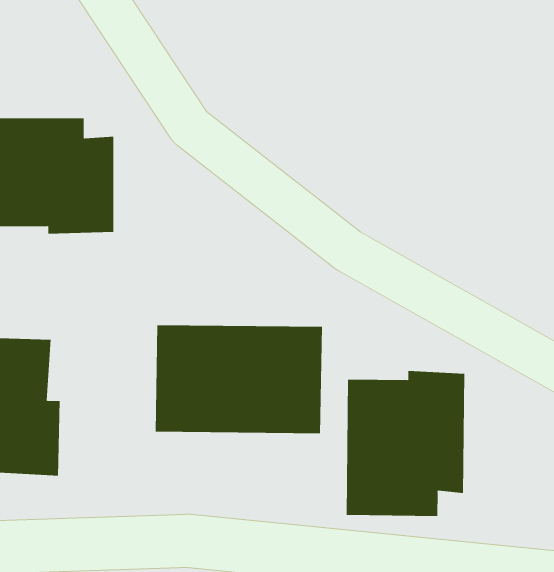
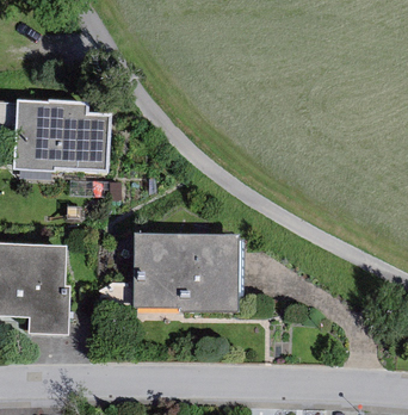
building: [346,370,465,517] -> none

